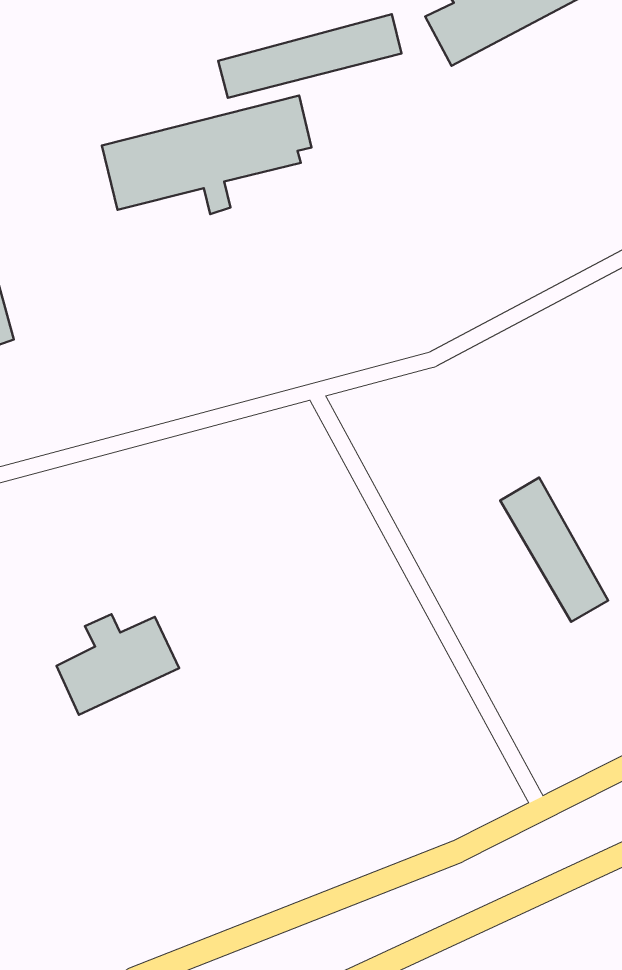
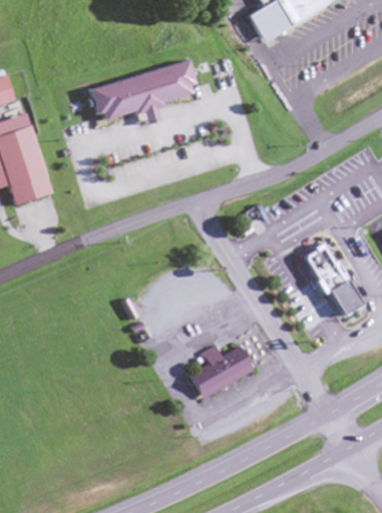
building: [218,14,402,98] -> none
building: [56,614,179,715] -> [189,346,252,398]

